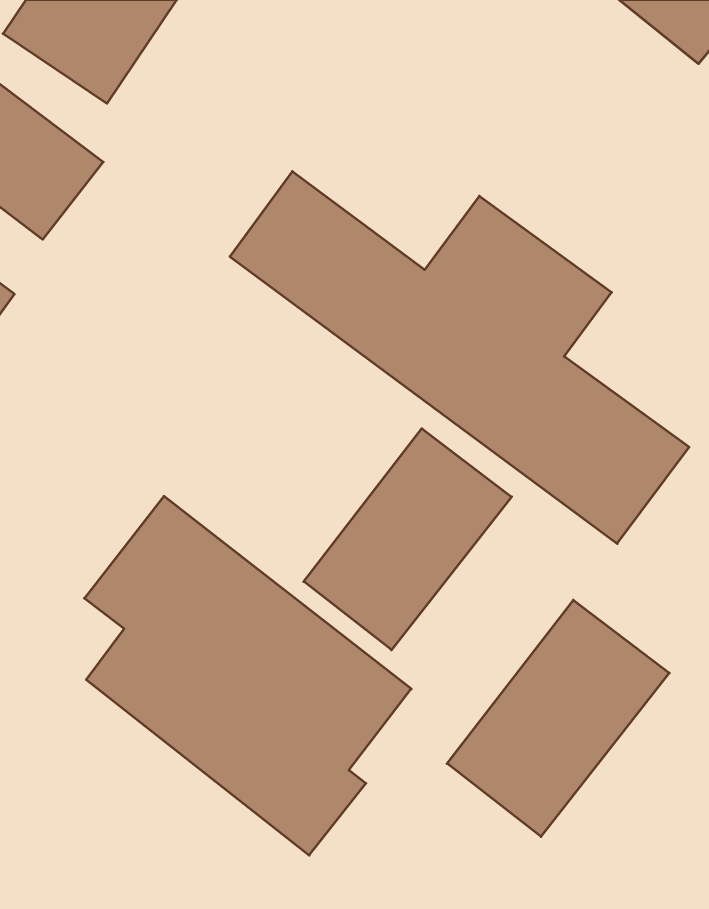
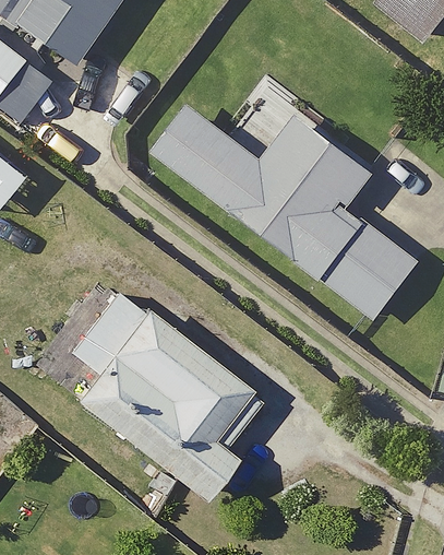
building: [304,429,512,650] -> none
building: [447,600,669,837] -> none

